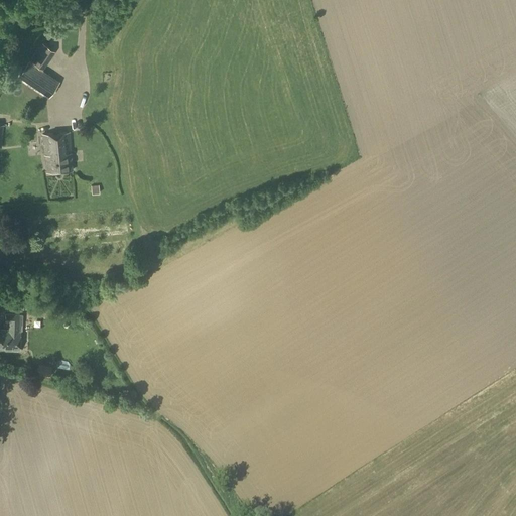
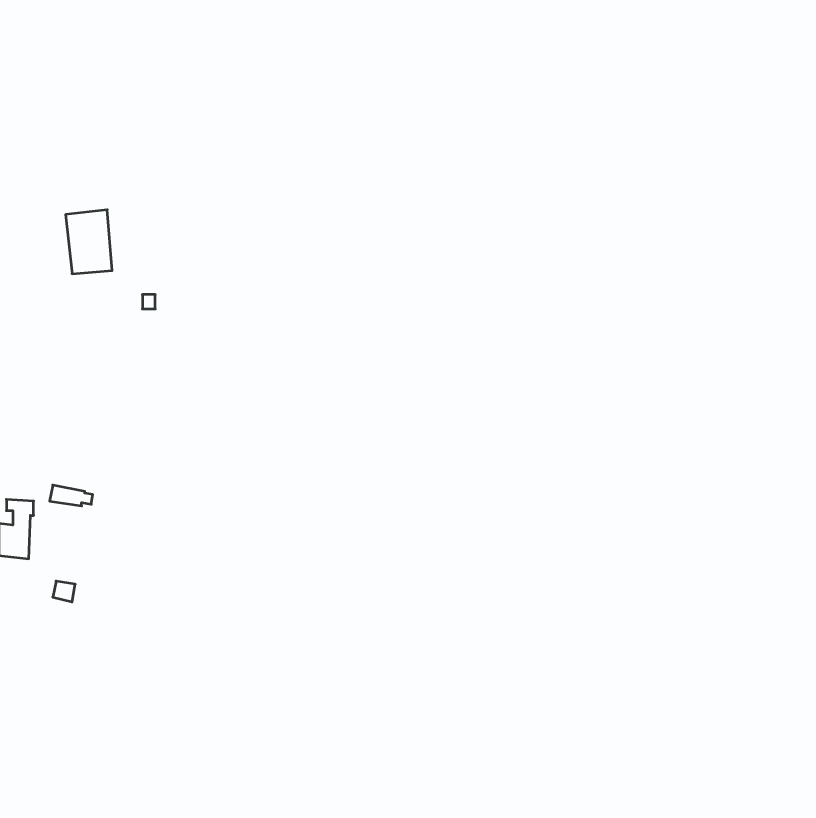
building: [18,44,57,96] -> none

